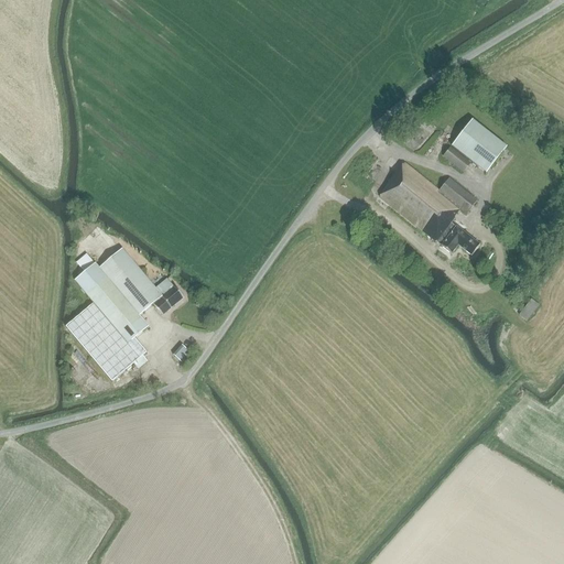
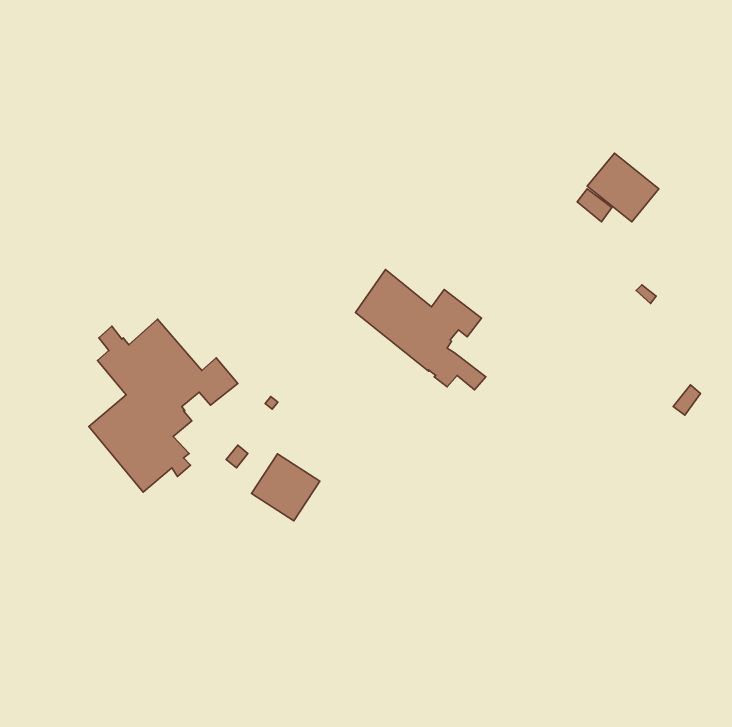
building: [380,161,480,253] -> [355,270,486,390]
building: none -> [251,454,320,521]

